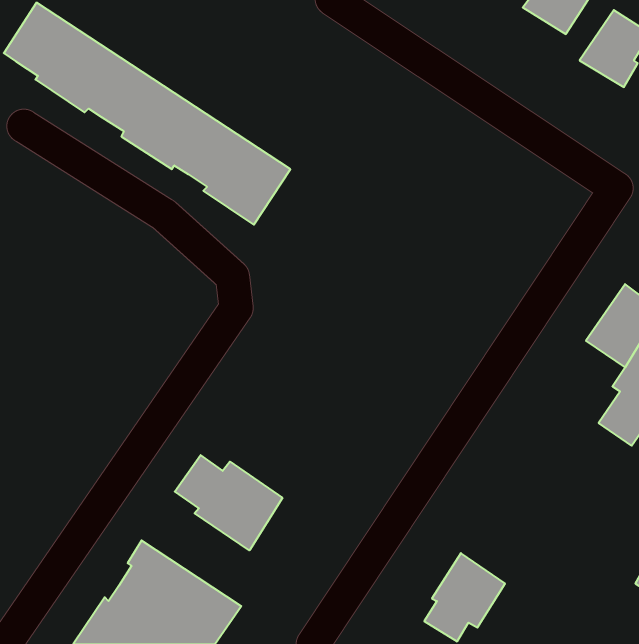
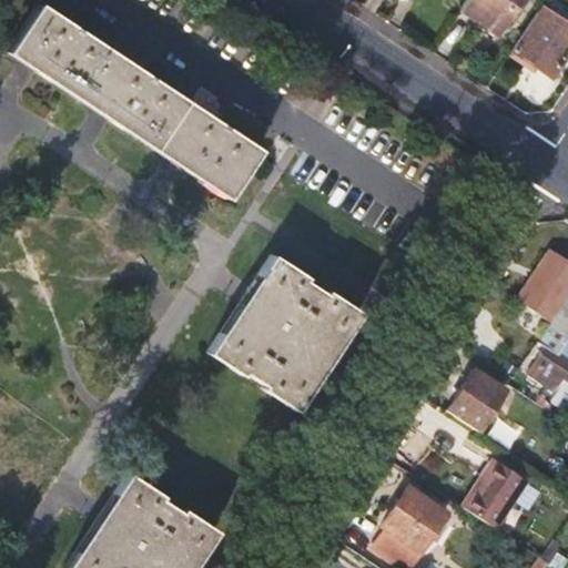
building: none -> [212,253,365,413]
building: none -> [450,369,509,433]
building: [175,455,282,550] -> none
building: none -> [467,459,531,529]

